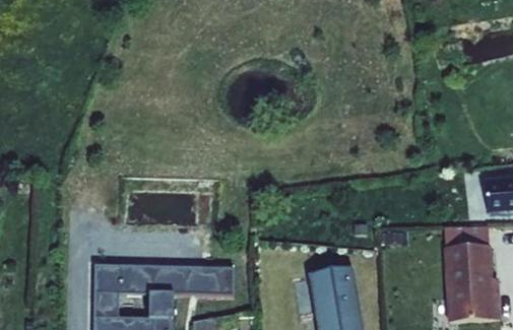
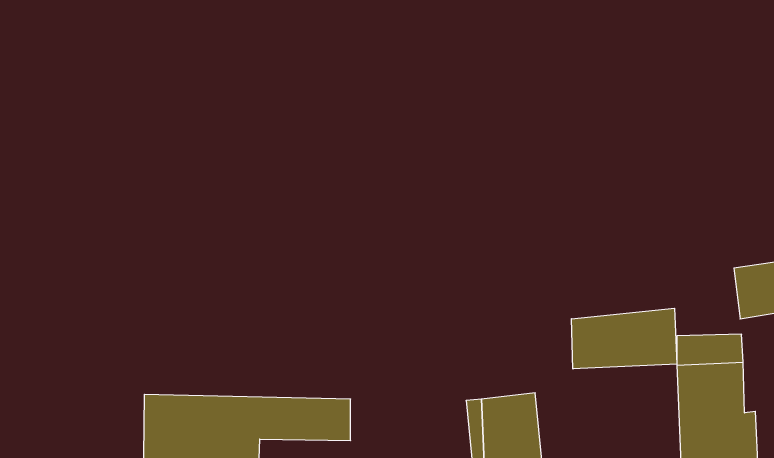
building: none -> [571,308,677,369]

